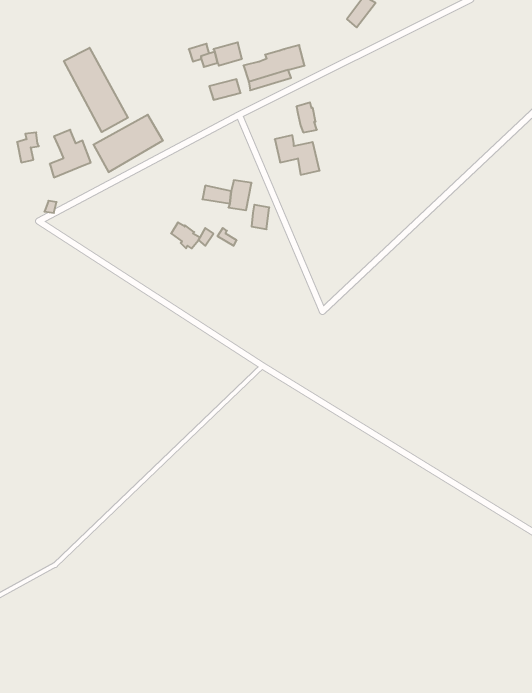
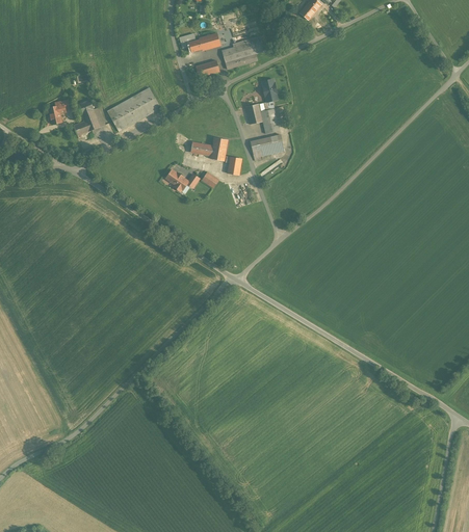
building: [64,48,128,132] -> none
building: none -> [251,135,284,158]

